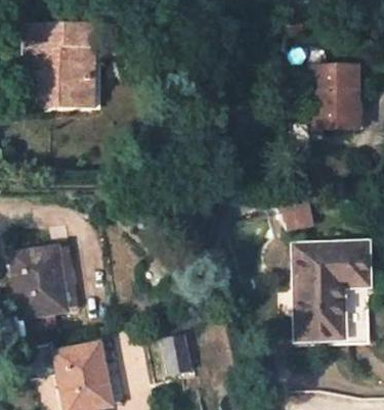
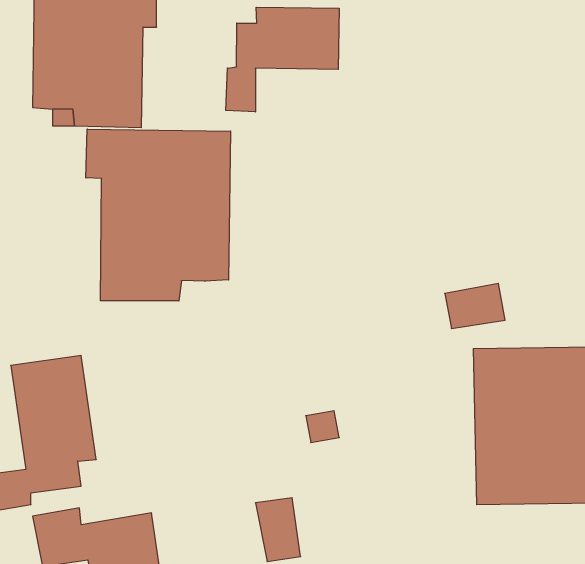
building: none -> [226,7,339,112]
building: [298,65,357,126] -> none
building: none -> [86,129,231,301]

